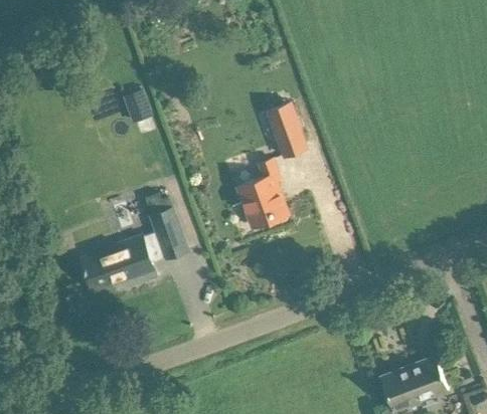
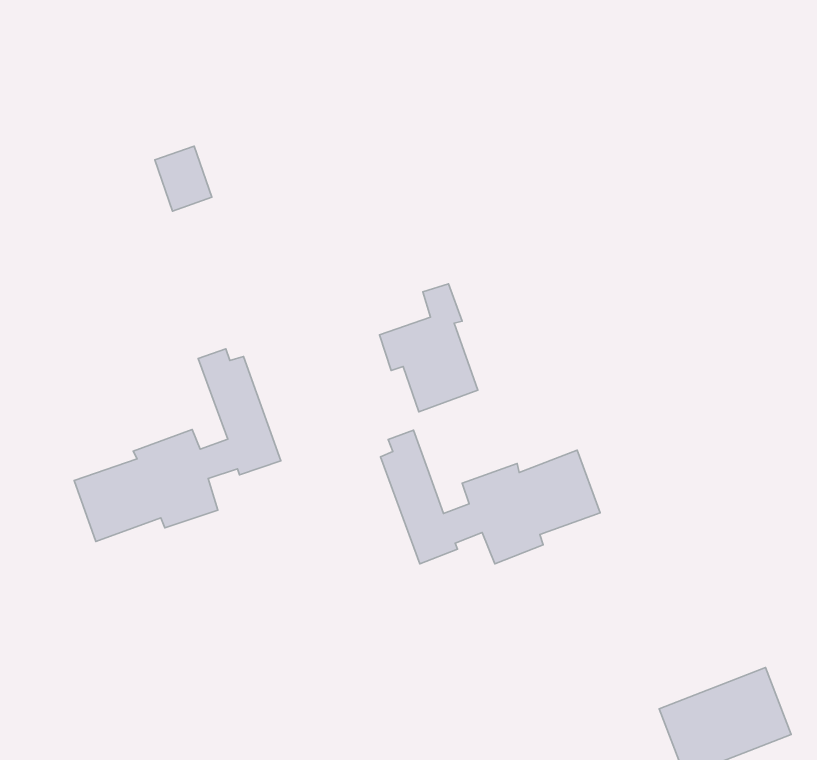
building: [267,102,309,159] -> none
building: none -> [381,430,600,564]

